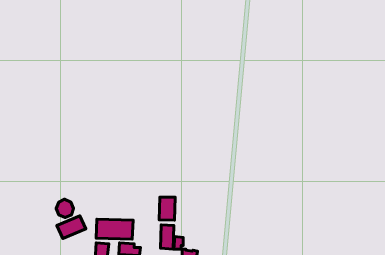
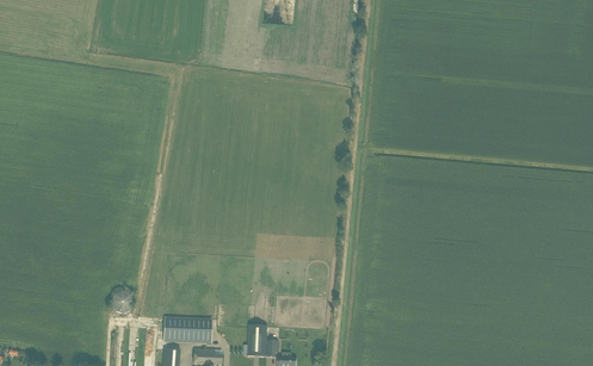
building: [159,197,175,220] -> none
building: [57,216,86,239] -> none

